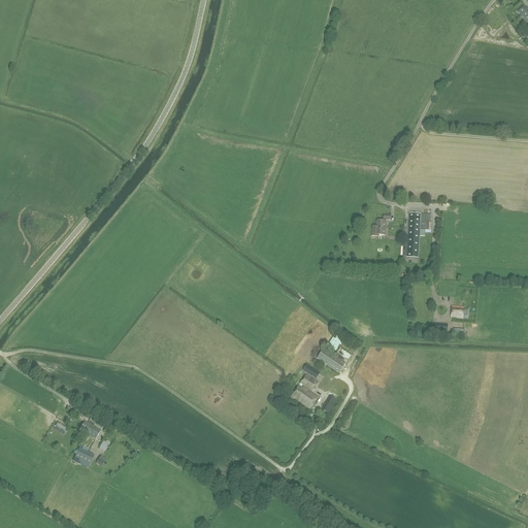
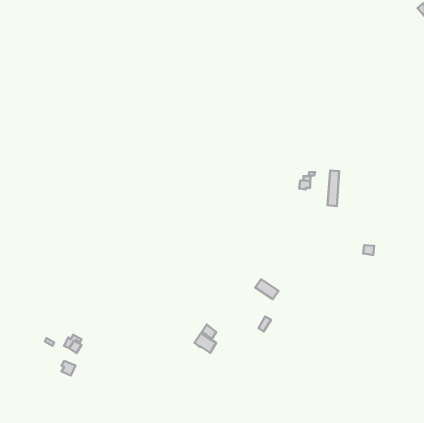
building: [292,372,319,407] -> [194,325,216,353]

